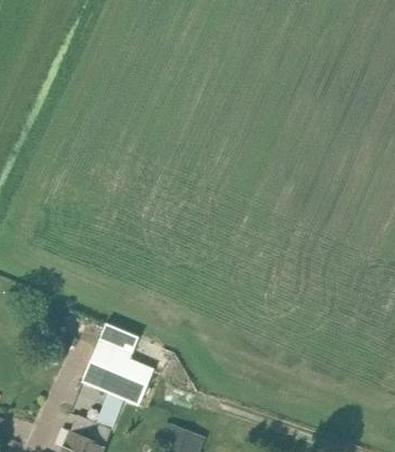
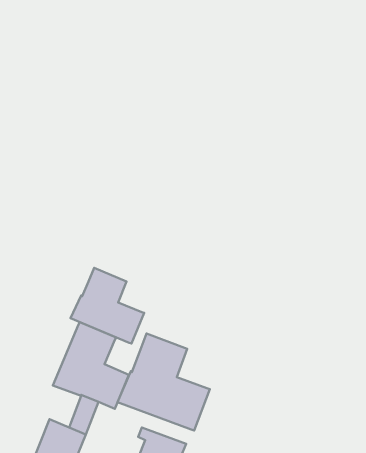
building: none -> [70,268,144,344]
building: none -> [118,333,210,430]

